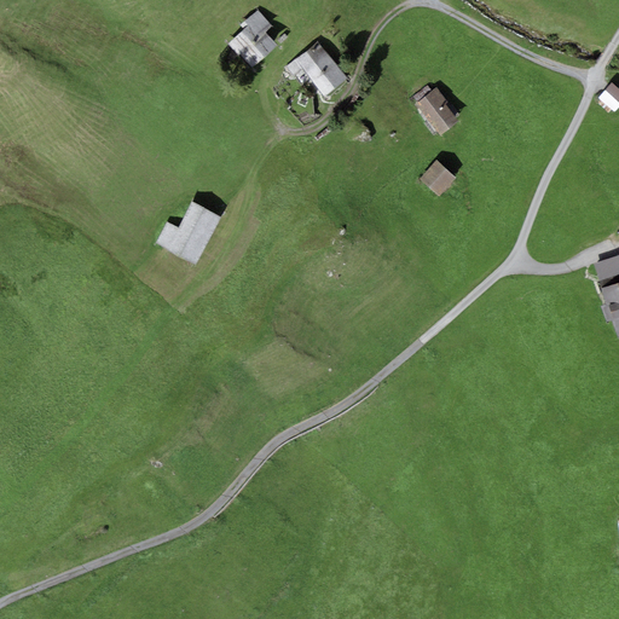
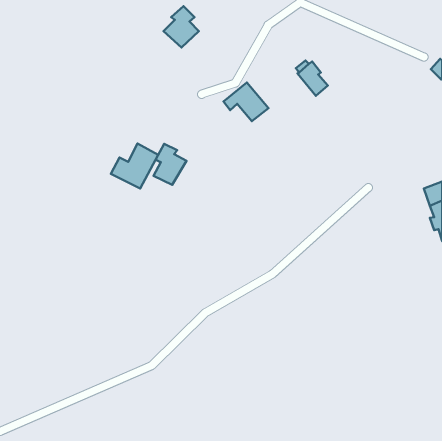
building: [285,41,348,96] -> [223,82,268,121]
building: [420,160,456,196] -> none
building: none -> [154,144,186,185]

